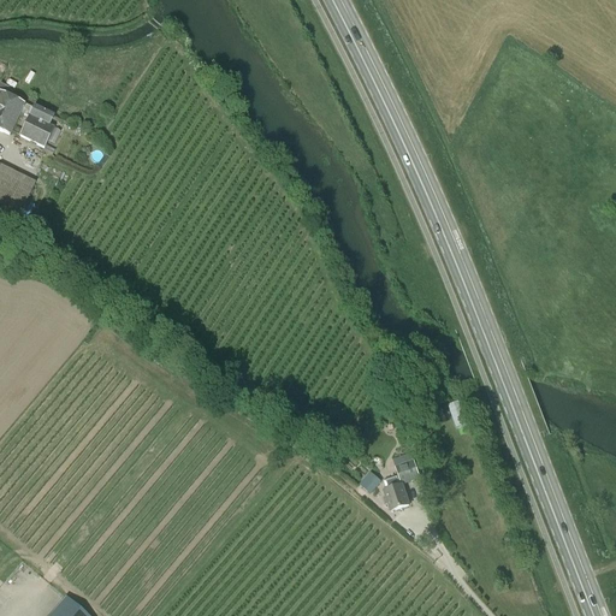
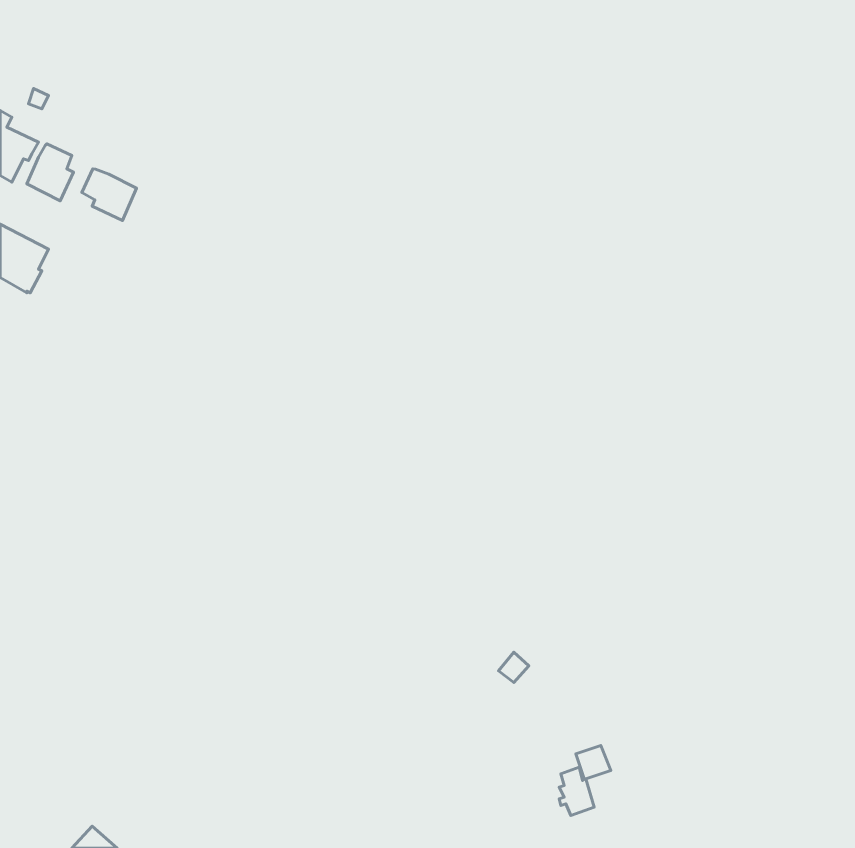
building: none -> [82,169,137,220]
building: [383,457,420,508] -> [559,745,611,816]

